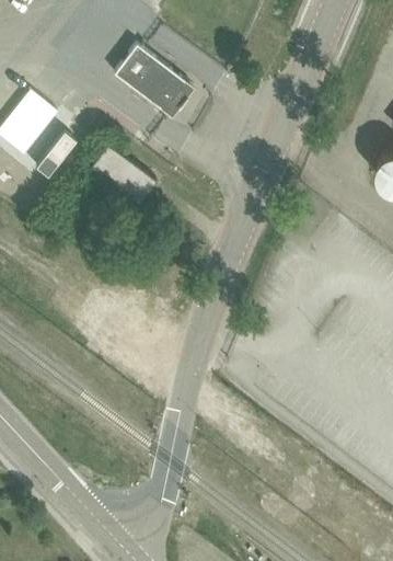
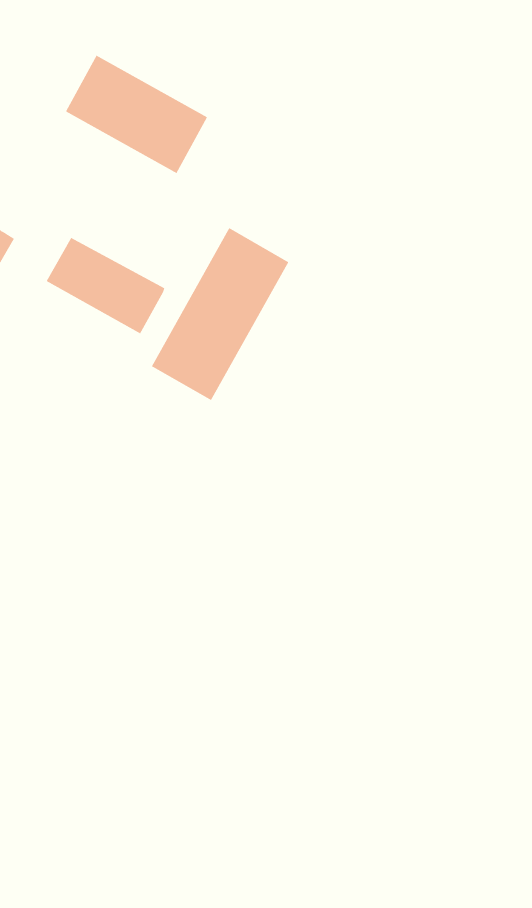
building: none -> [151,227,289,401]

